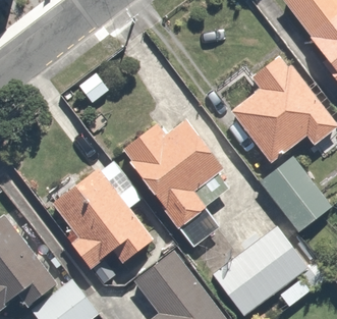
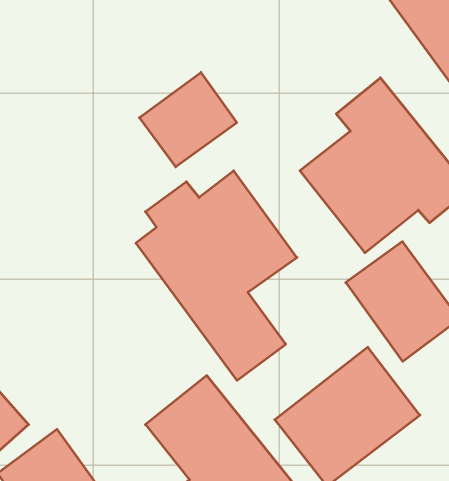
building: none -> [139,72,237,167]
building: [52,159,158,269] -> none

